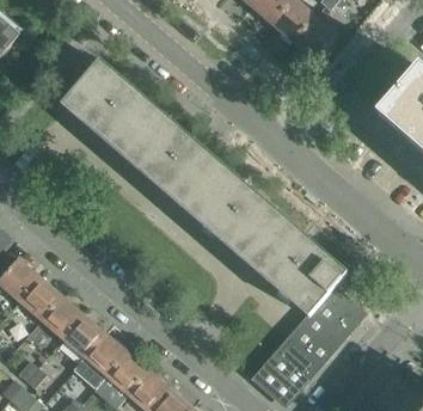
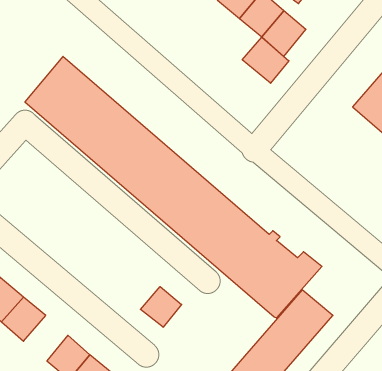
building: none -> [242,37,289,83]
building: none -> [140,287,182,327]
building: [63,314,106,358] -> none

